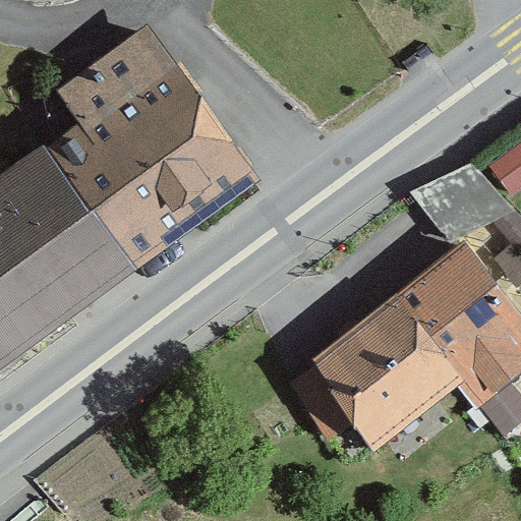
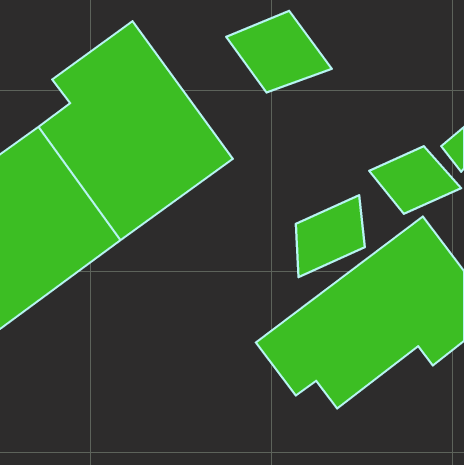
building: none -> [226,11,332,93]
building: none -> [296,195,365,277]

